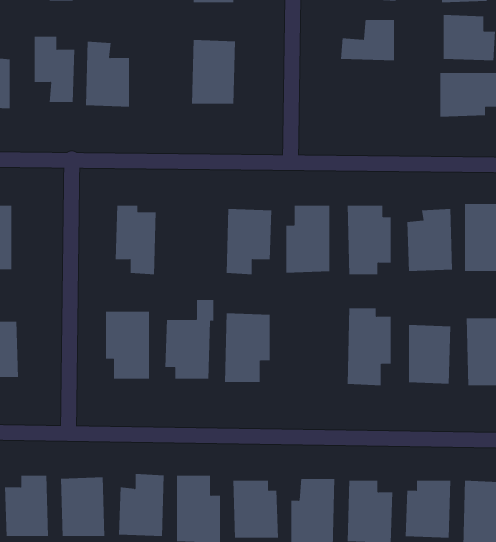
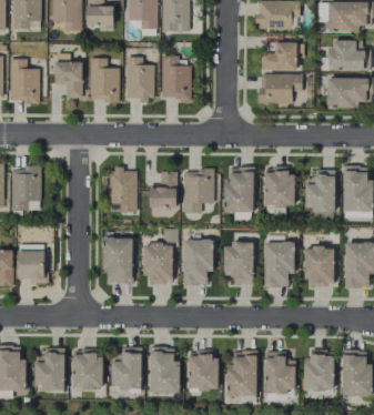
building: none -> [125,57,153,100]
building: none -> [259,73,301,104]
building: none -> [149,171,178,208]
building: none -> [222,243,253,283]

